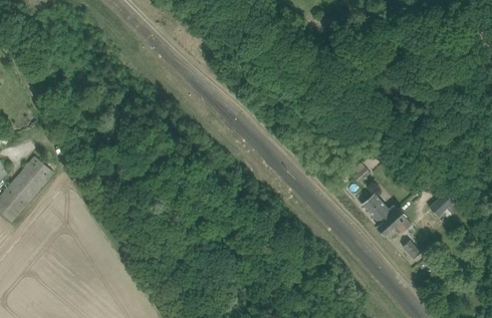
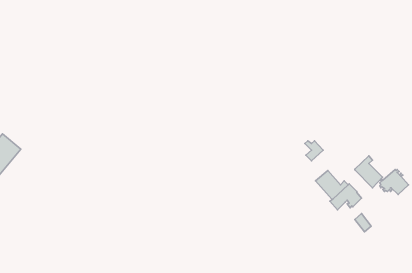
building: none -> [355,156,383,188]

